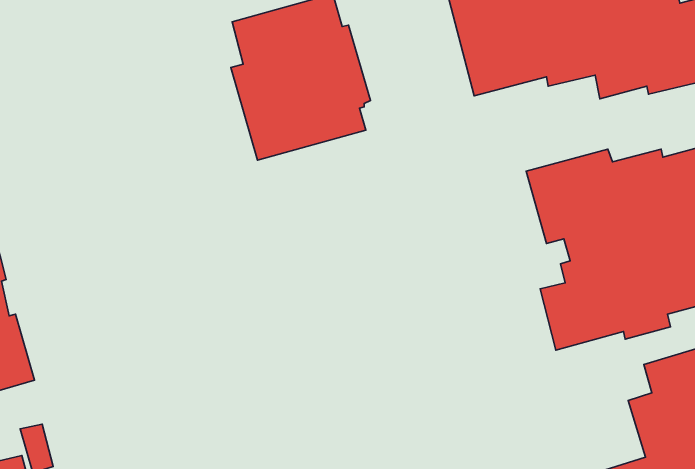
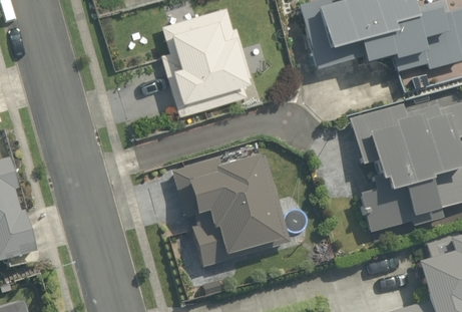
building: none -> [172,153,290,267]

